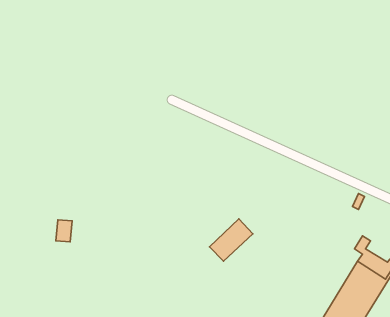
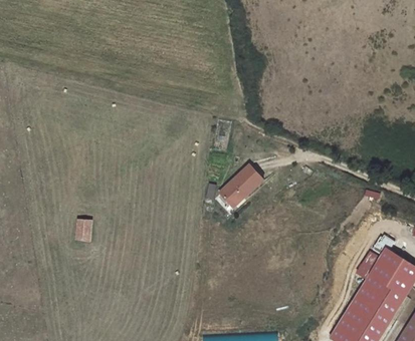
building: [210,219,253,261] -> [221,165,264,208]

